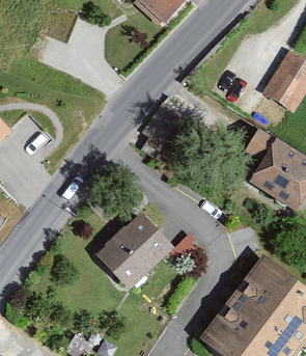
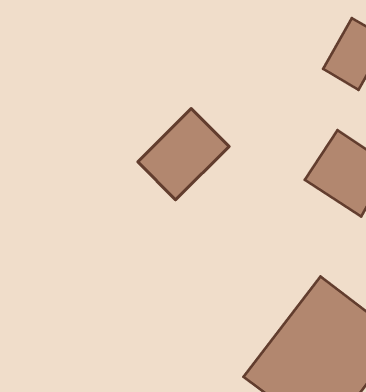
building: [98,217,170,290] -> [138,108,229,200]

